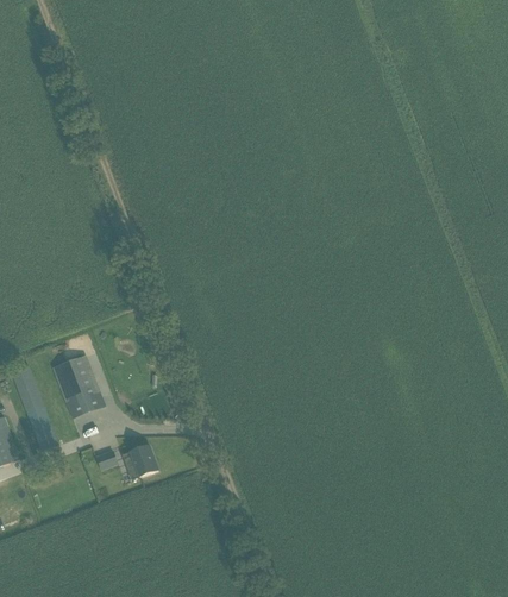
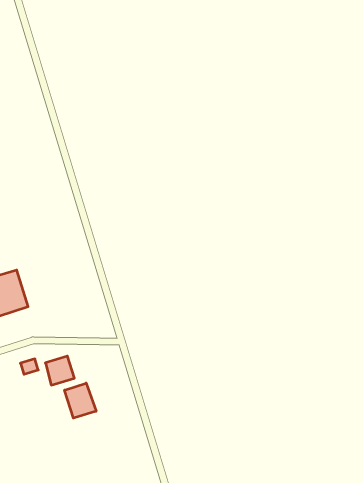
building: none -> [65,383,96,418]

